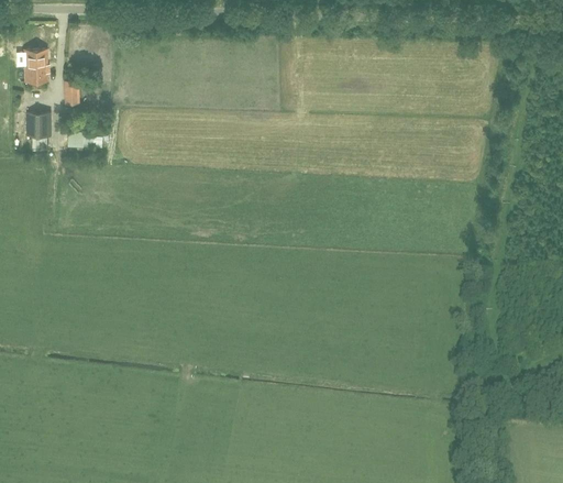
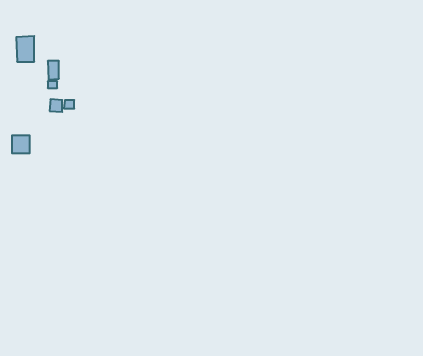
building: [26,113,49,136] -> [12,135,30,153]

